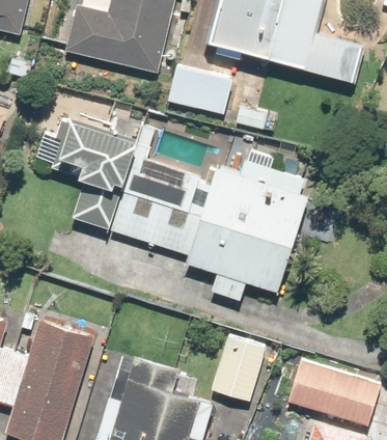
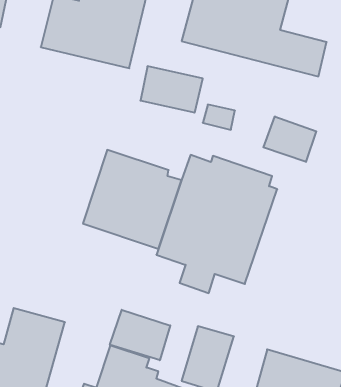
building: [32,113,142,231] -> none
building: none -> [263,116,316,162]
building: none -> [110,310,170,360]

